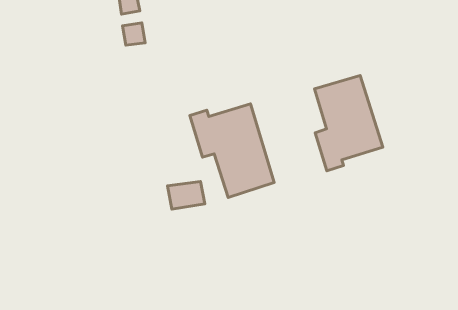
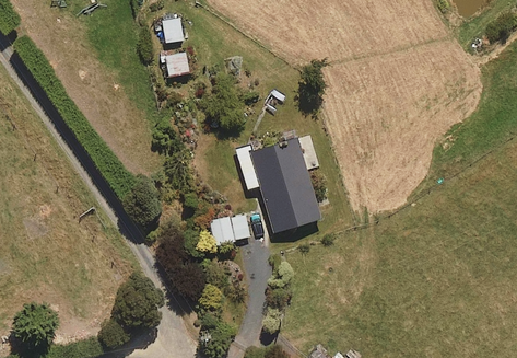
building: [315,75,383,171] -> none

